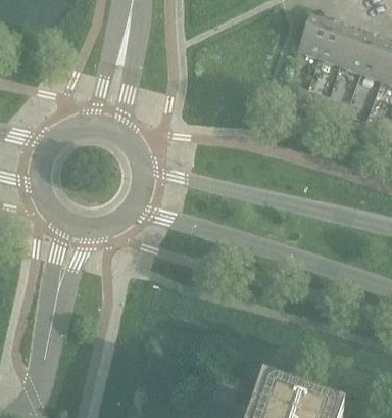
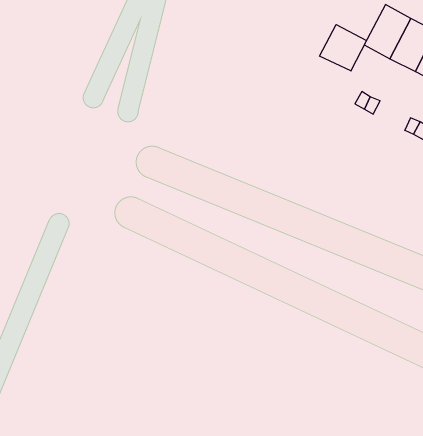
building: none -> [320,25,367,71]

